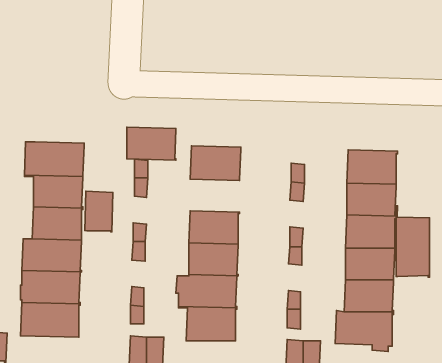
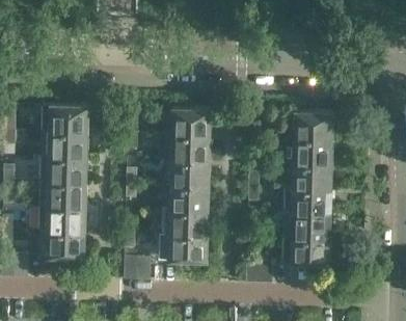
building: [127,127,176,160] -> [171,148,210,173]
building: [85,191,113,232] -> none
building: [396,206,430,277] -> none

